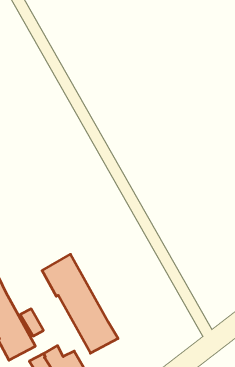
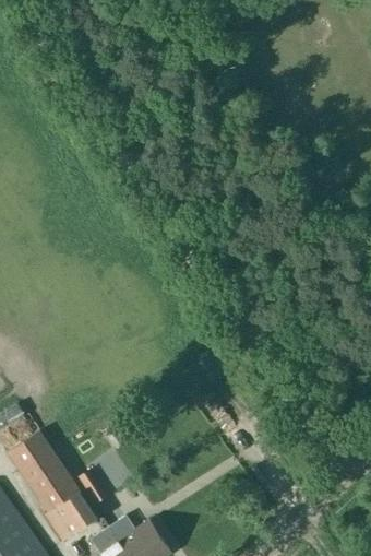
building: [42,254,118,353] -> none

